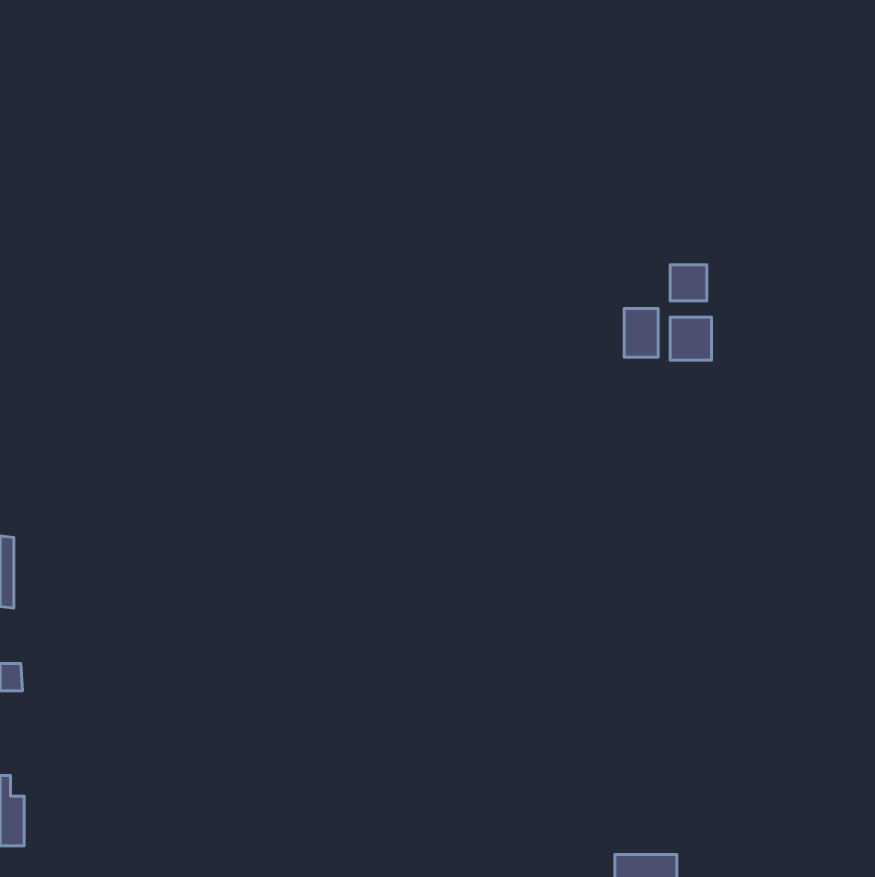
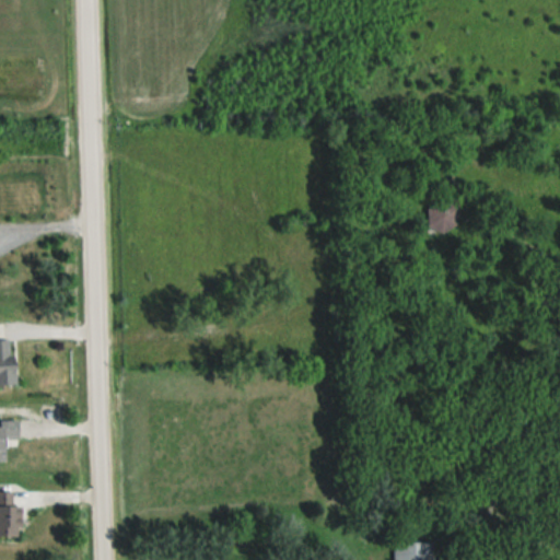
building: [670,265,707,301] -> none
building: [624,308,658,357] -> none

